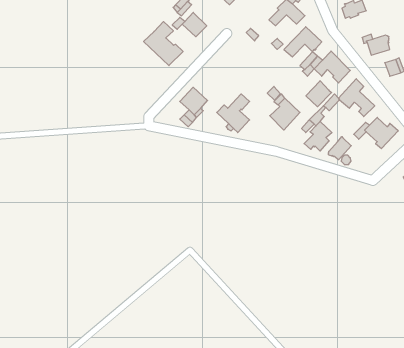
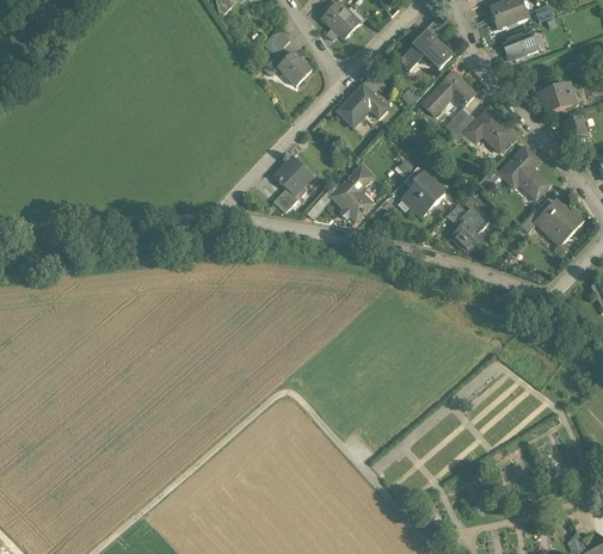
building: [144,22,183,66] -> none
building: none -> [336,85,386,127]
building: [306,81,332,107] -> none
building: [329,137,351,160] -> none

